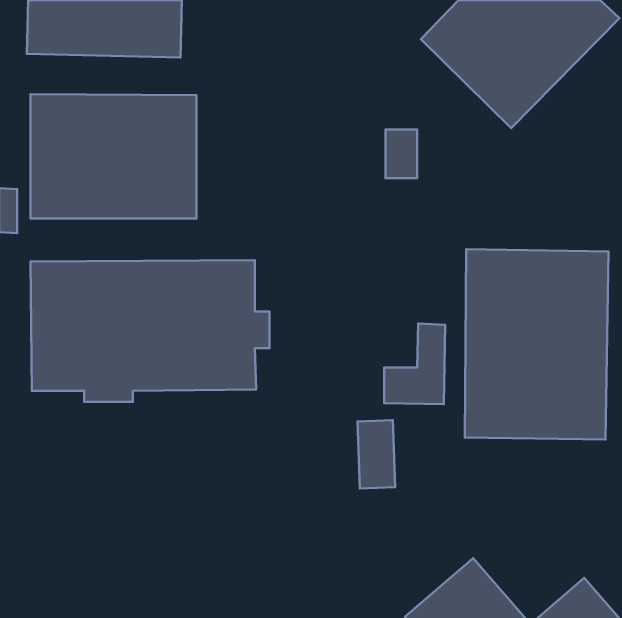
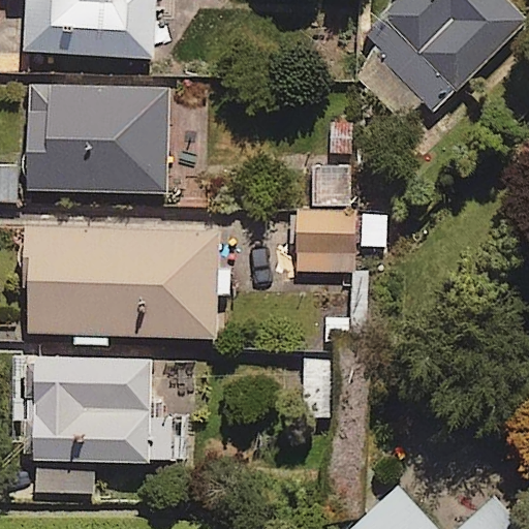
building: none -> [295,167,353,273]
building: [465,249,608,440] -> none
building: none -> [23,356,170,494]

